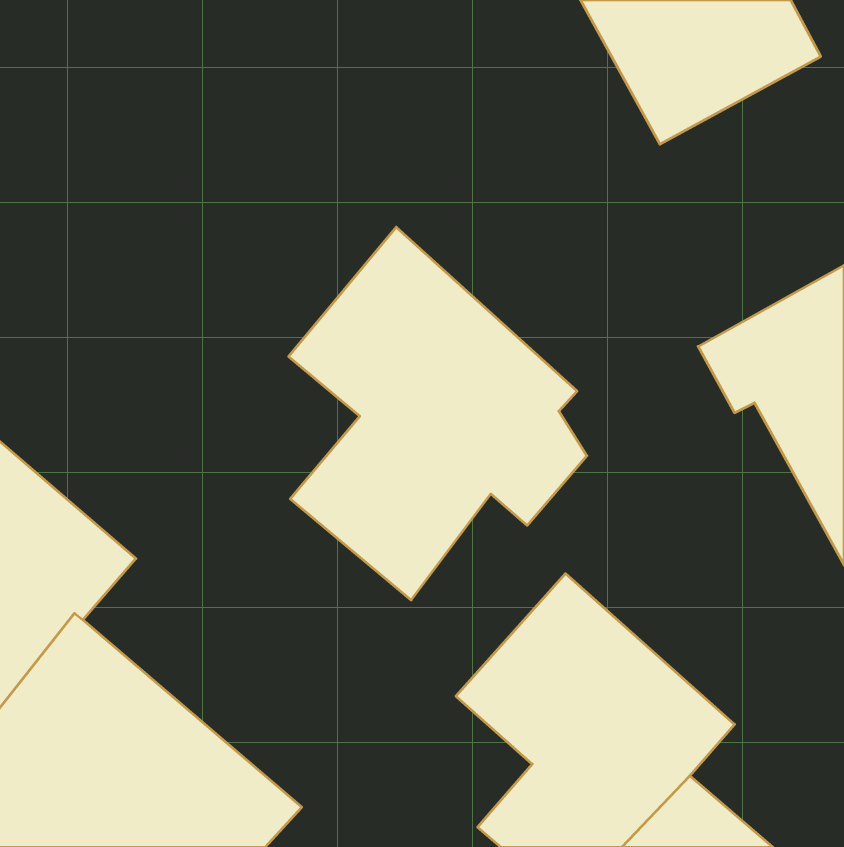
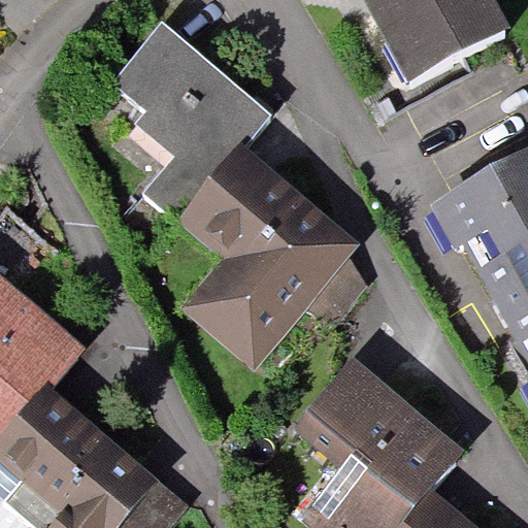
building: none -> [114,23,270,222]

